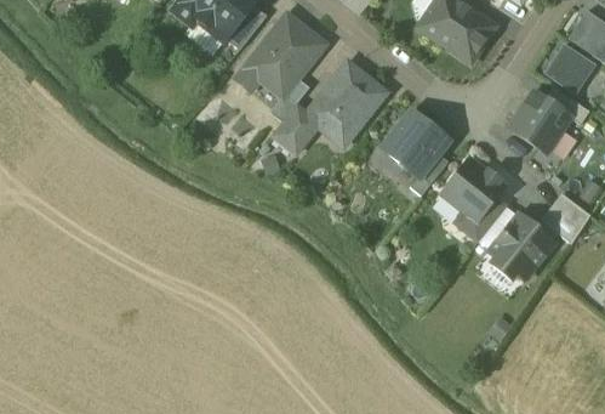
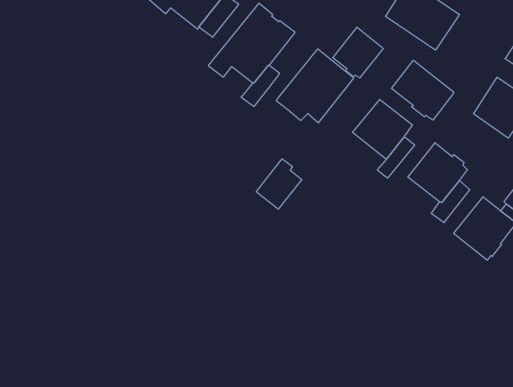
building: none -> [333,27,383,78]
building: none -> [392,60,454,120]
building: [270,102,318,154] -> [256,159,302,209]

